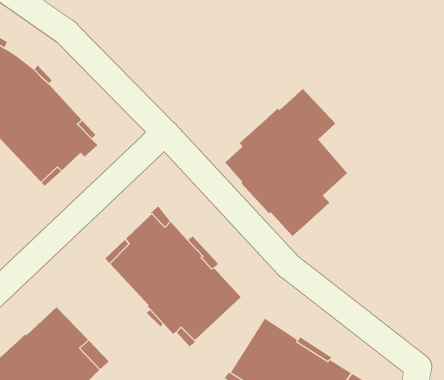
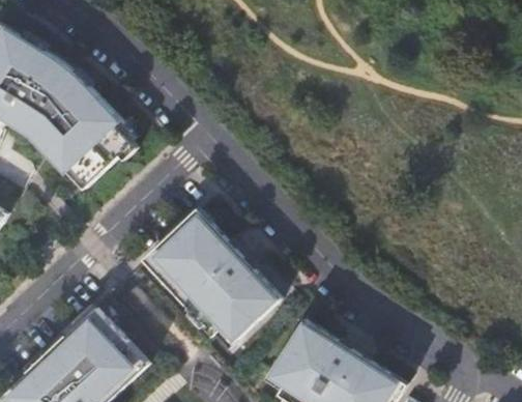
building: [225,88,348,237] -> none

